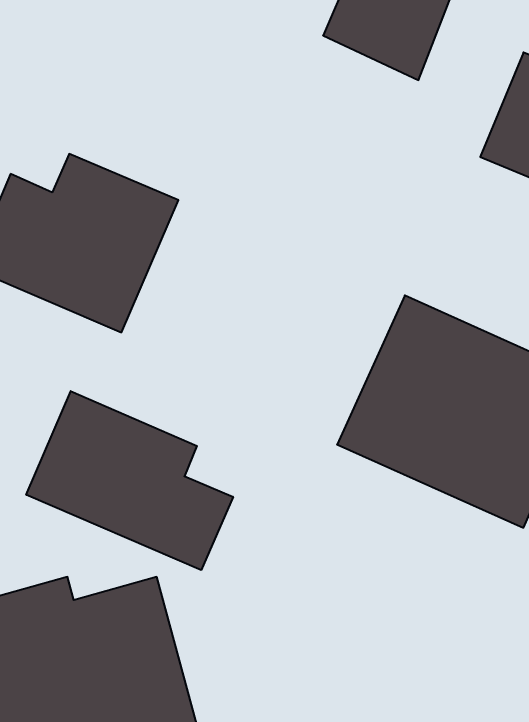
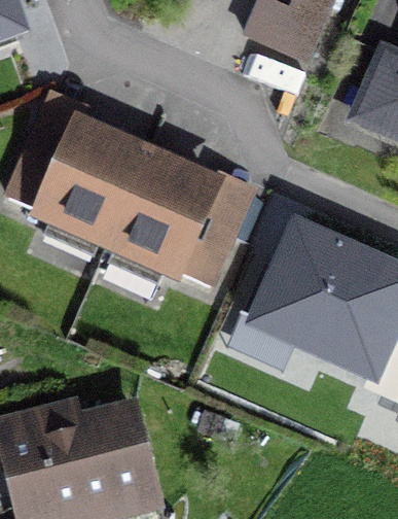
building: none -> [109,152,238,284]
building: [26,391,233,570] -> none

